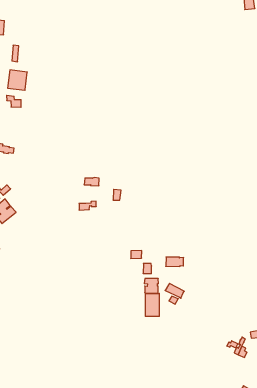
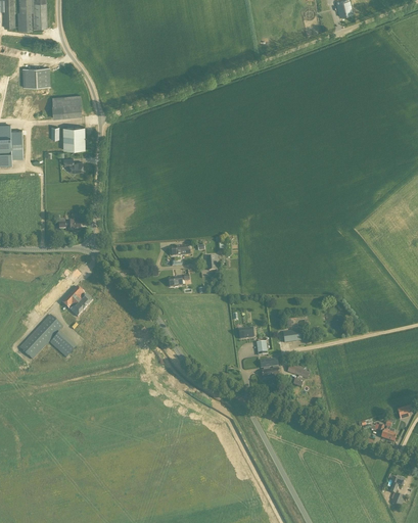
building: [145,293,159,316] -> none

